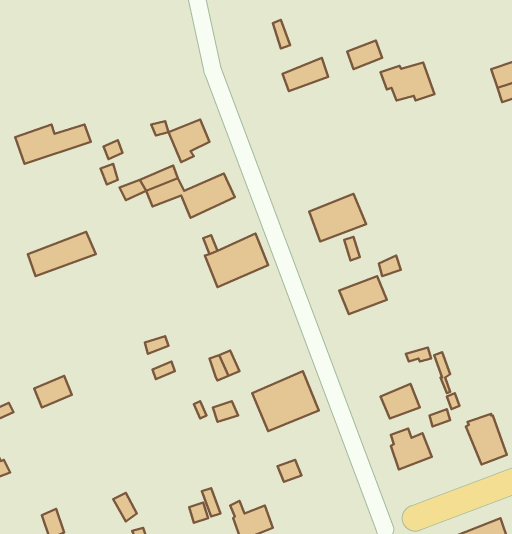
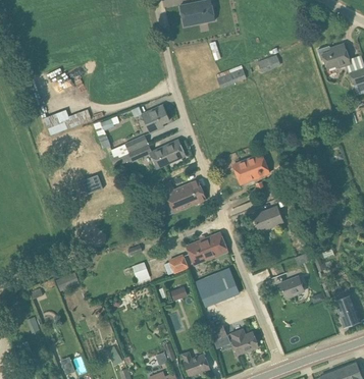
building: [381,63,434,100] -> [316,43,351,67]
building: none -> [187,232,227,263]
building: [391,429,432,470] -> [231,328,258,355]

